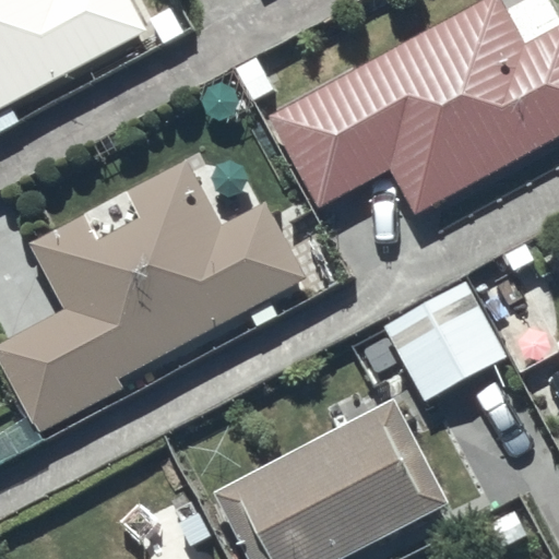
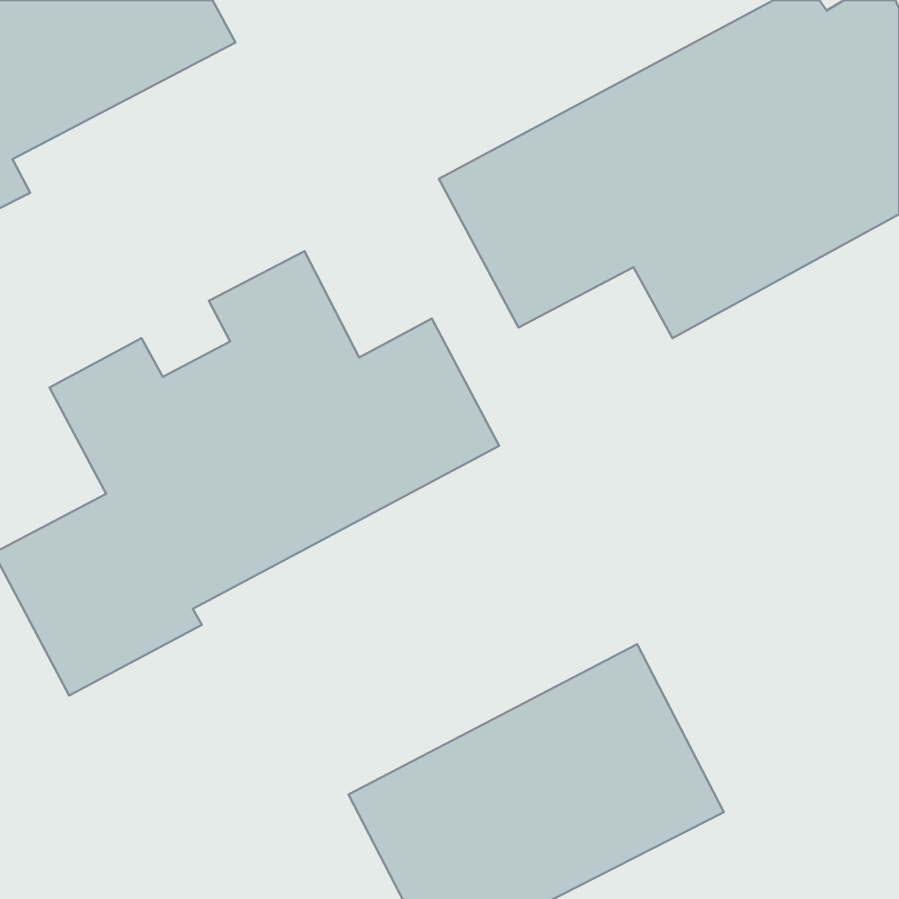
building: [383,280,507,400] -> none

